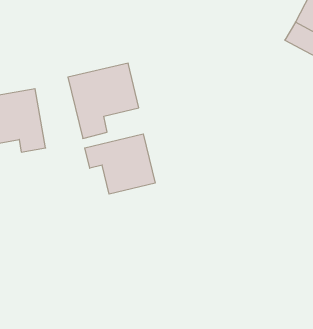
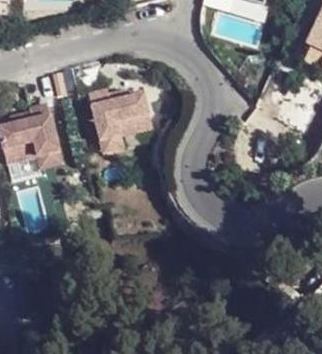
building: [85,134,155,194] -> none

